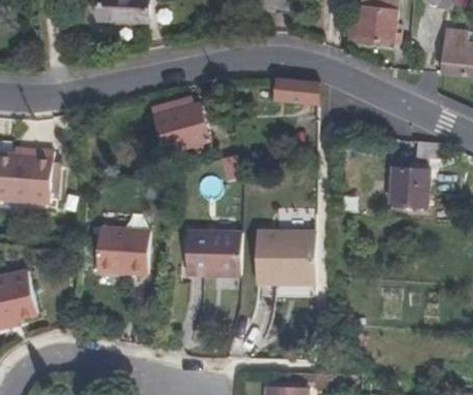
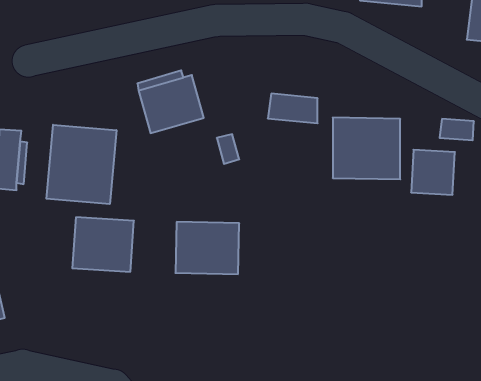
building: [274,78,317,104] -> [268,94,318,123]
building: none -> [46,125,116,204]
building: [257,229,315,283] -> [333,118,400,179]

